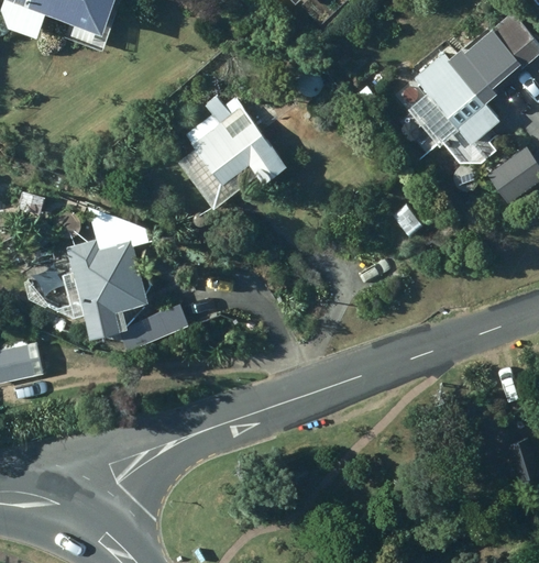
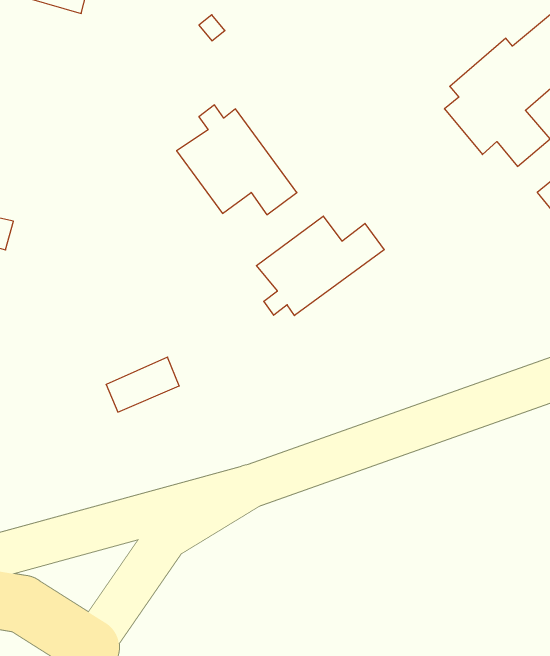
building: none -> [256,216,384,316]
building: [65,229,149,344] -> none

